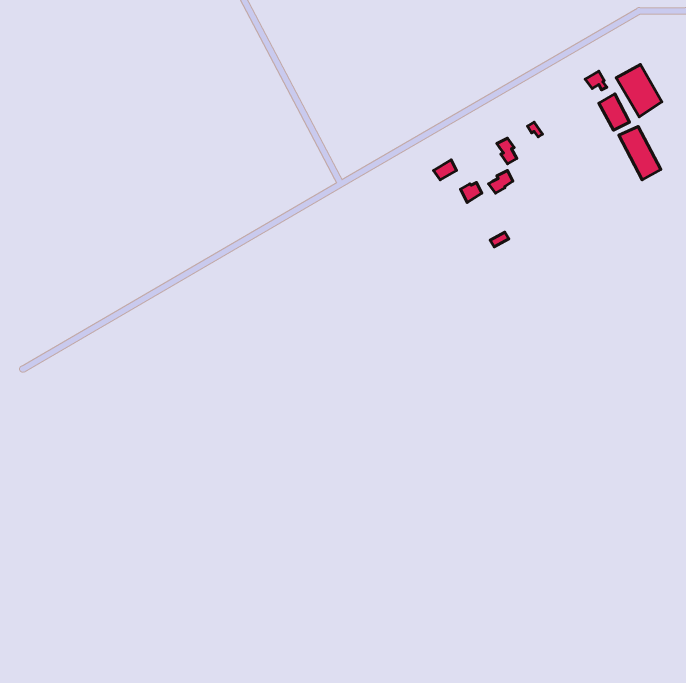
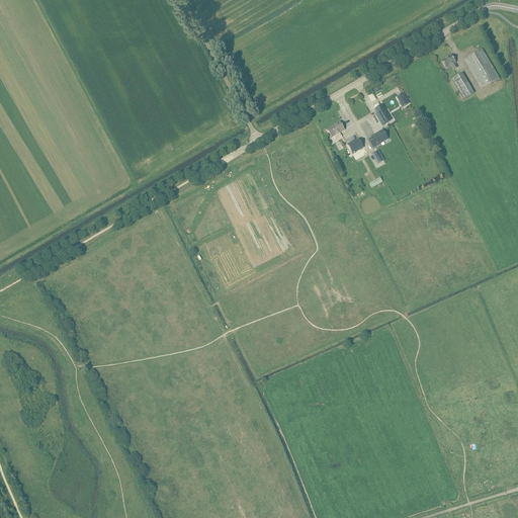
building: [619,127,661,180] -> none

